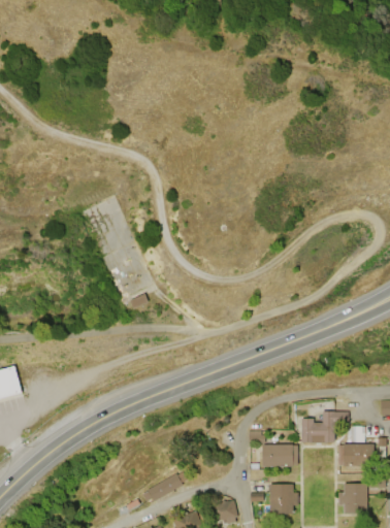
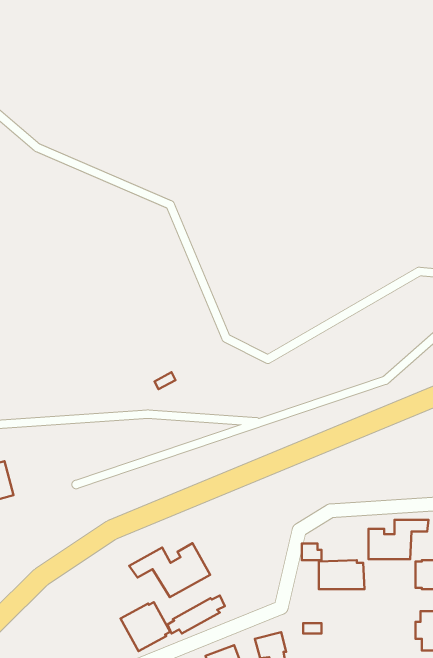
building: none -> [129,543,210,597]
building: none -> [121,602,170,651]
building: [269,484,298,514] -> none

